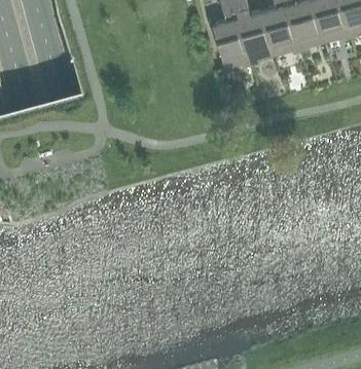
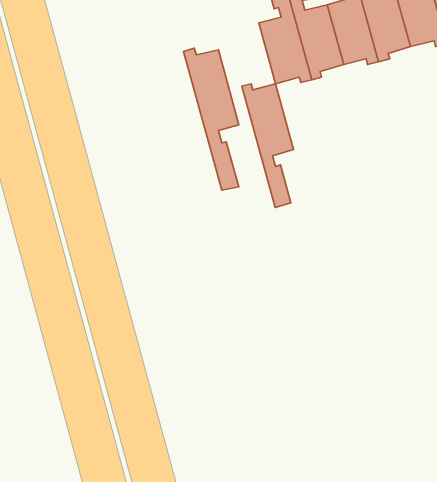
building: none -> [184,48,239,190]
building: none -> [242,84,293,208]

